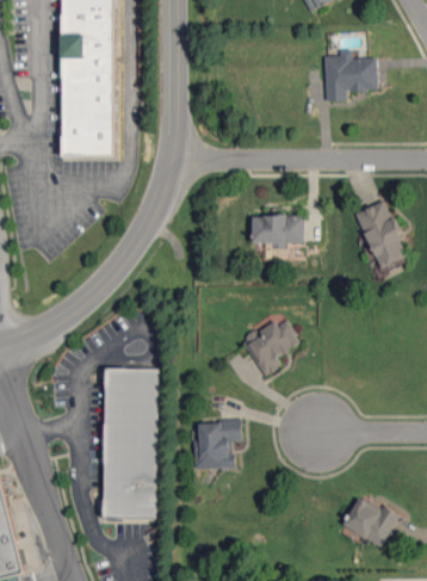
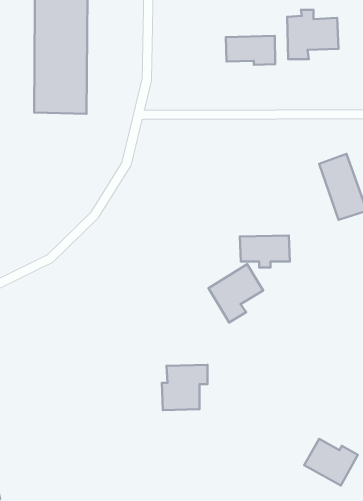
building: none -> [226,36,275,65]
building: [250,215,303,248] -> [240,235,290,267]
building: [103,367,155,518] -> none

